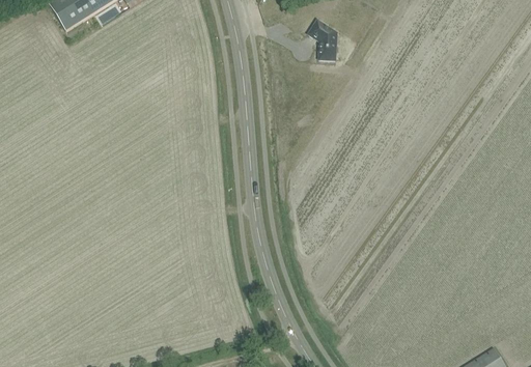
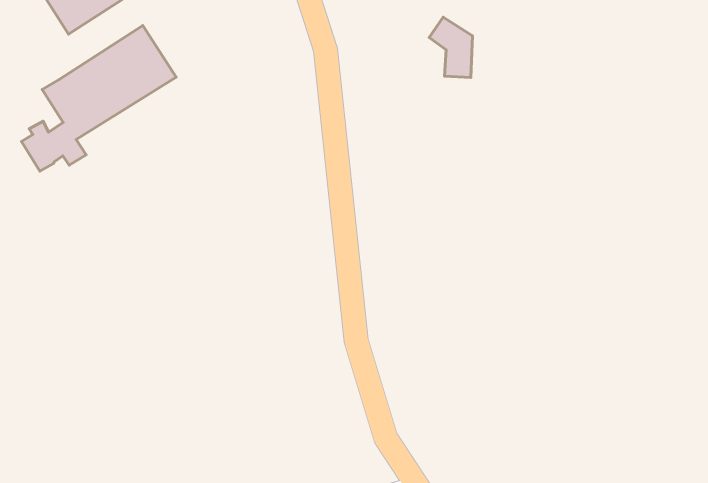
building: none -> [22,26,176,171]

